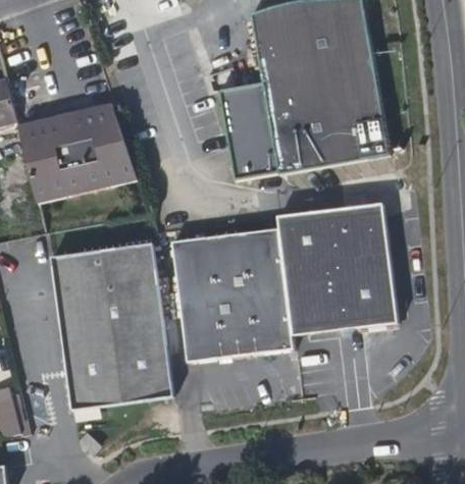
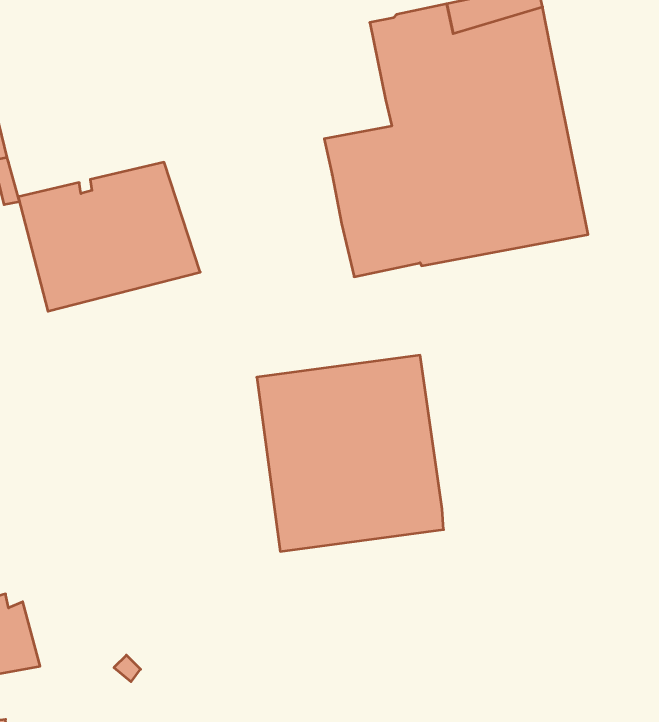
building: [276,201,395,331] -> none
building: [52,244,174,405] -> none

